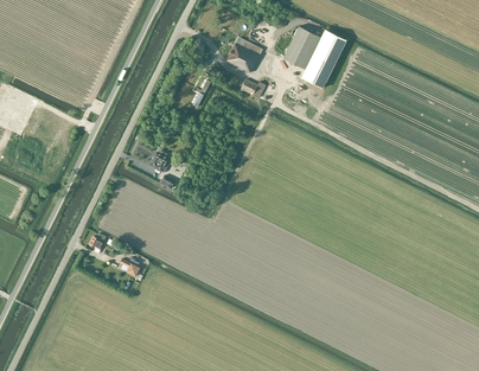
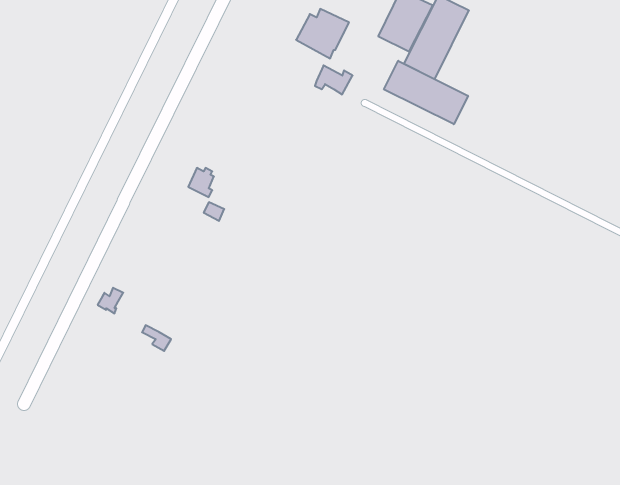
building: none -> [384,61,468,124]

